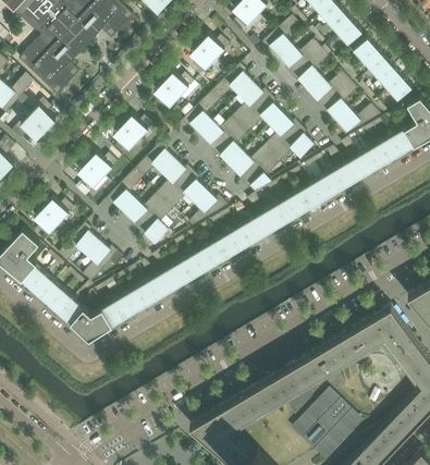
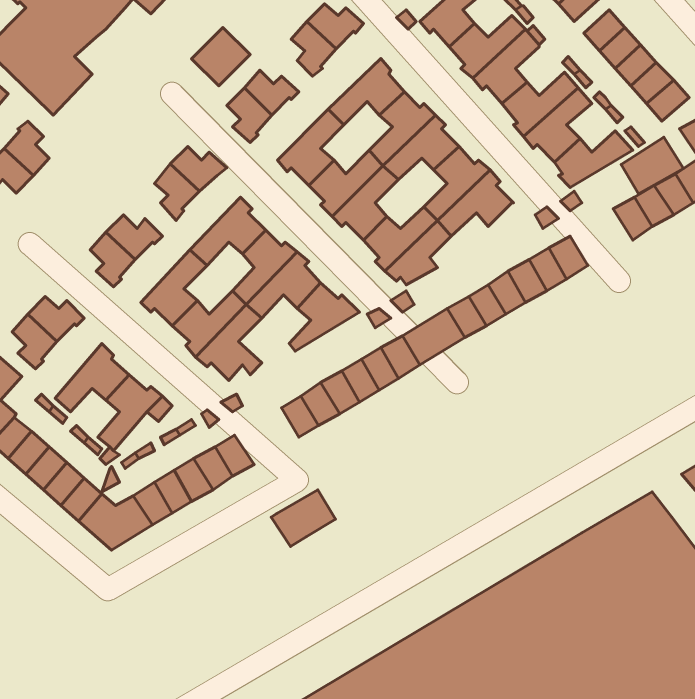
building: none -> [192,27,250,86]
building: [345,150,380,182] -> [621,137,684,194]
building: [158,261,194,293] -> [271,490,335,547]

